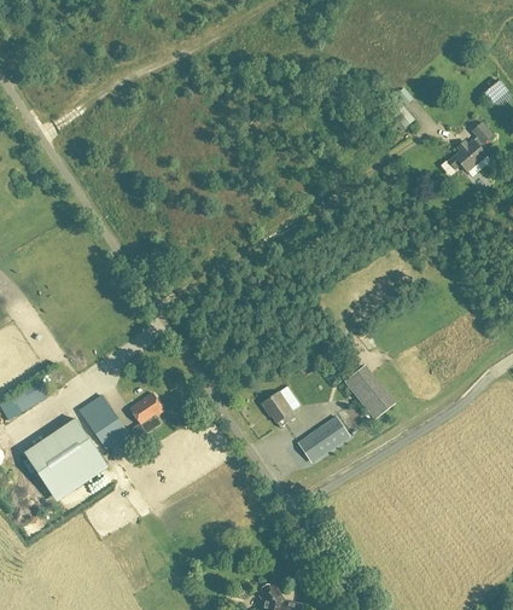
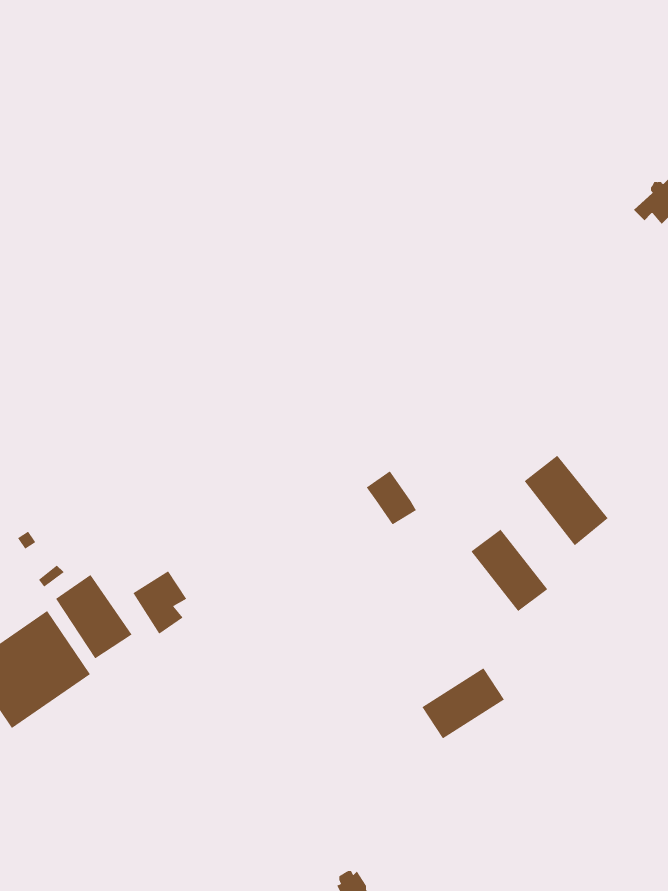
building: none -> [524,455,609,546]
building: [262,393,295,428] -> [366,470,417,525]
building: [297,418,350,464] -> [422,668,505,739]

